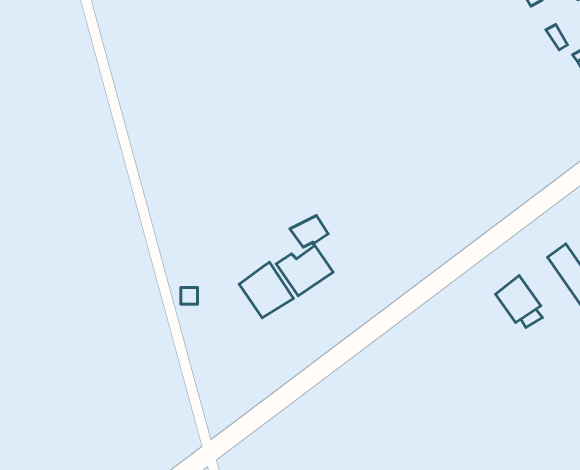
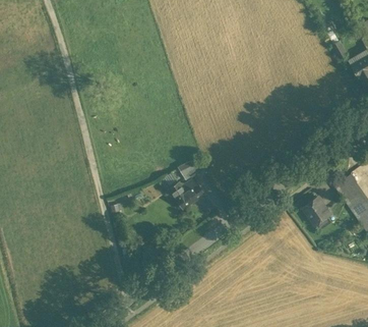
building: [239,262,294,318] -> none

